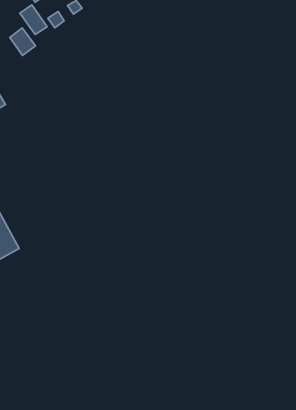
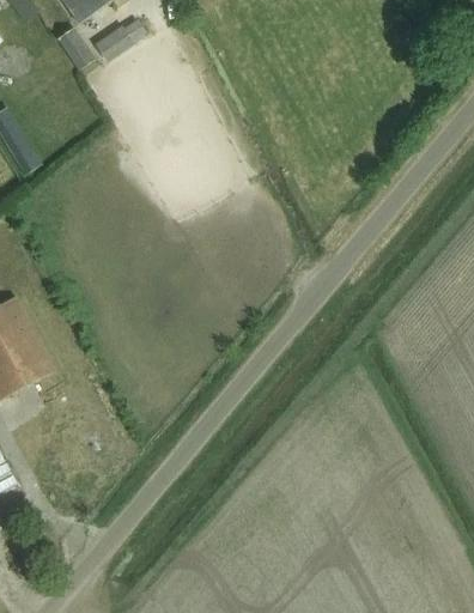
building: [10,28,36,55] -> none

